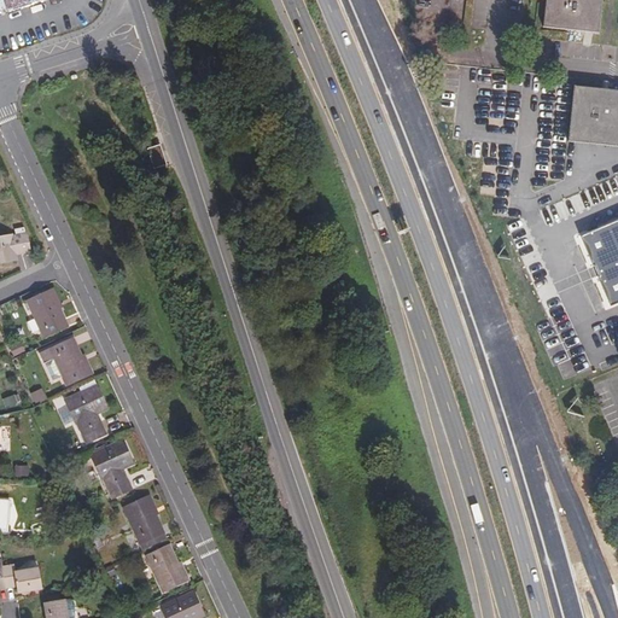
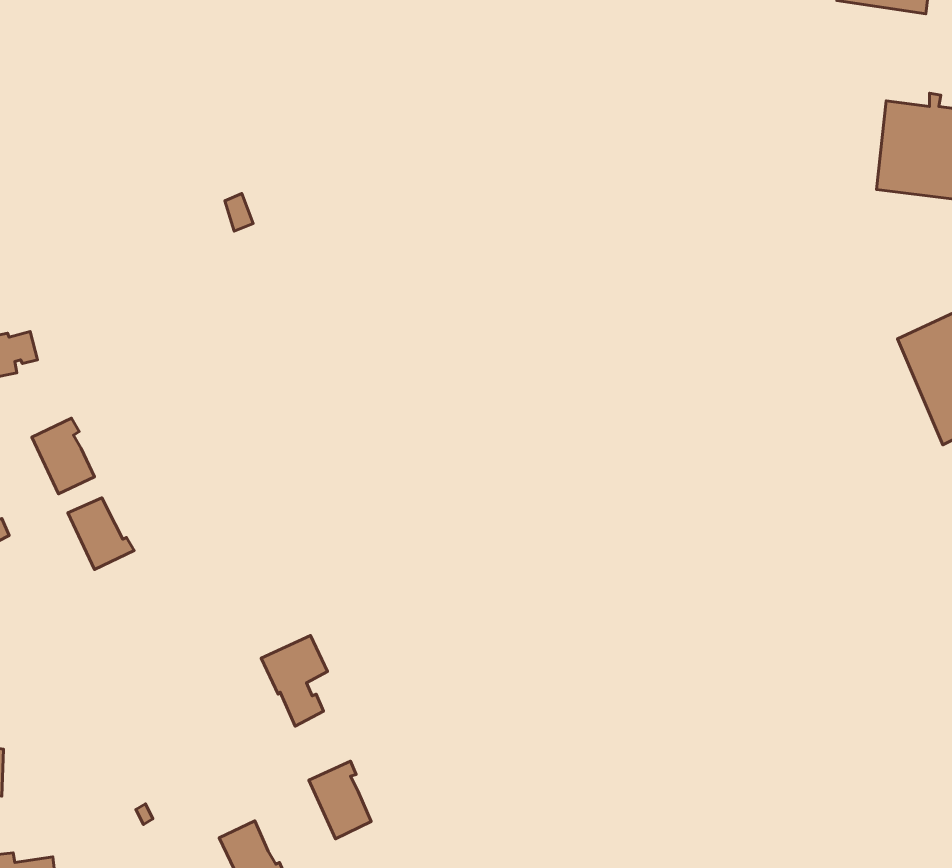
building: [66,384,109,442] -> none
building: [92,439,134,497] -> [261,635,327,726]
building: [124,494,164,543] -> [309,761,371,839]

